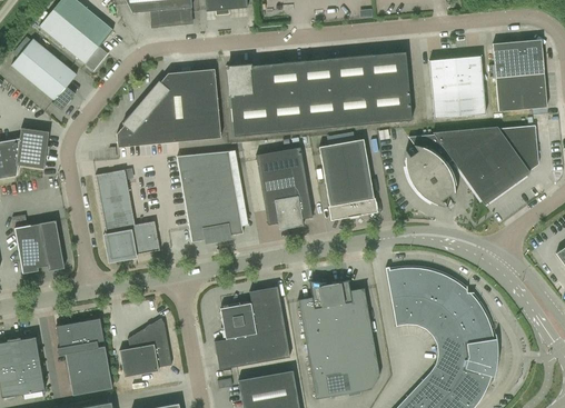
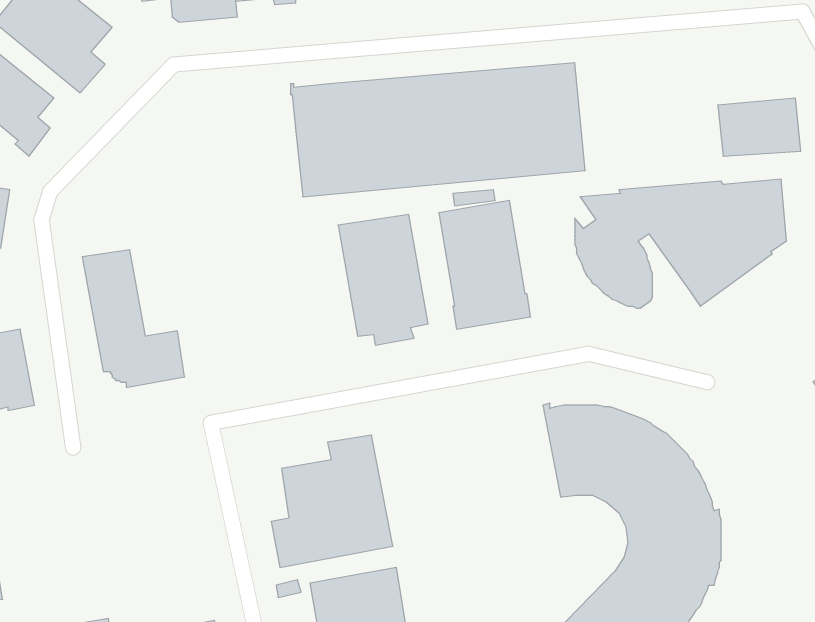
building: [492,41,544,79] -> none
building: [428,57,485,119] -> none
building: [117,69,220,147] -> none
building: [177,157,248,242] -> none
building: [298,280,379,399] -> none
building: [56,318,112,396] -> none
building: [119,318,171,377] -> none

